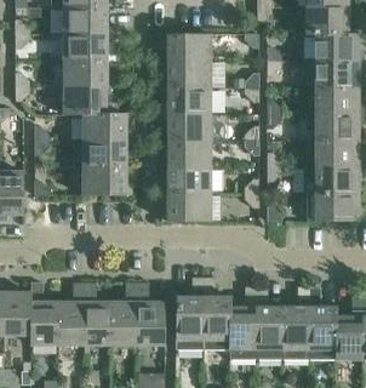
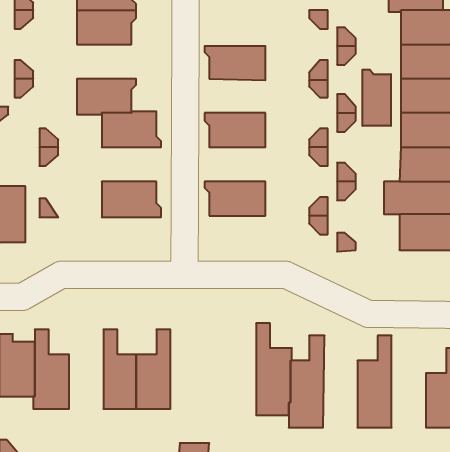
building: [162,34,210,62] -> none
building: [63,61,109,87] -> none
building: none -> [362,70,391,126]
building: [162,87,210,114] -> none
building: [82,141,128,167] -> none
building: [162,141,210,167] -> none
building: [160,194,210,222] -> none
building: [175,278,202,349] -> none
building: [57,283,84,344] -> none
building: [136,283,164,344] -> none
building: [255,287,281,359] -> none
building: [308,287,336,359] -> none

